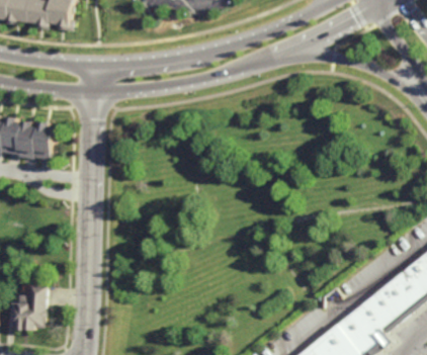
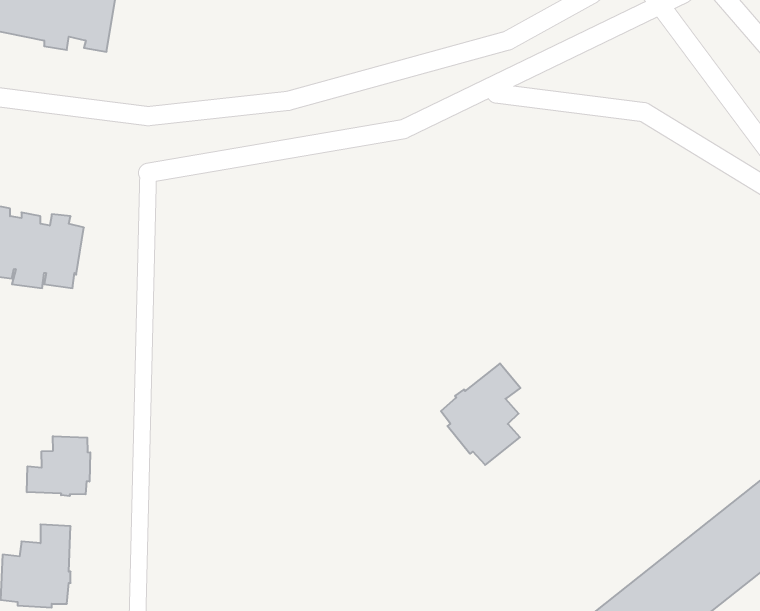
building: none -> [441,363,520,465]
building: none -> [27,436,90,496]

